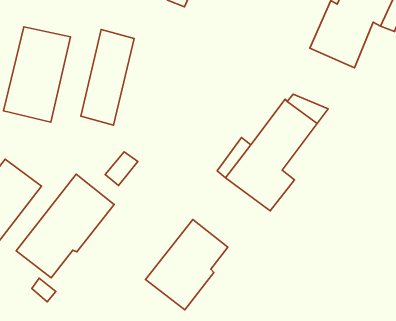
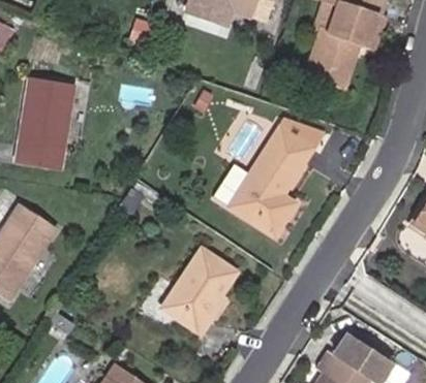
building: [81,29,134,125] -> none
building: [16,174,114,278] -> none

